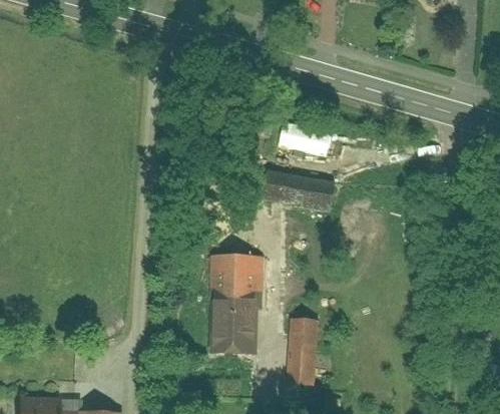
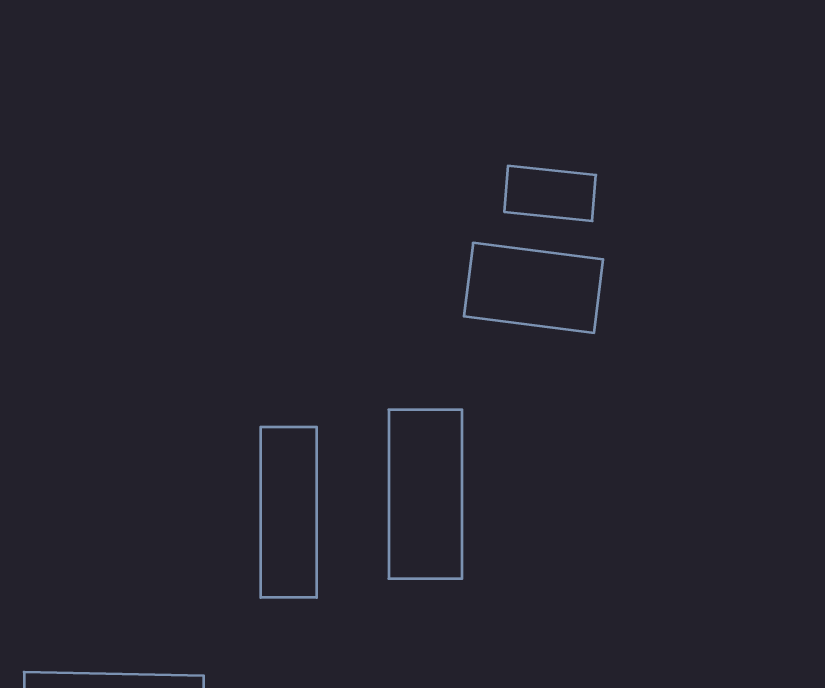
building: none -> [261,427,317,598]
building: [283,314,313,373] -> none

